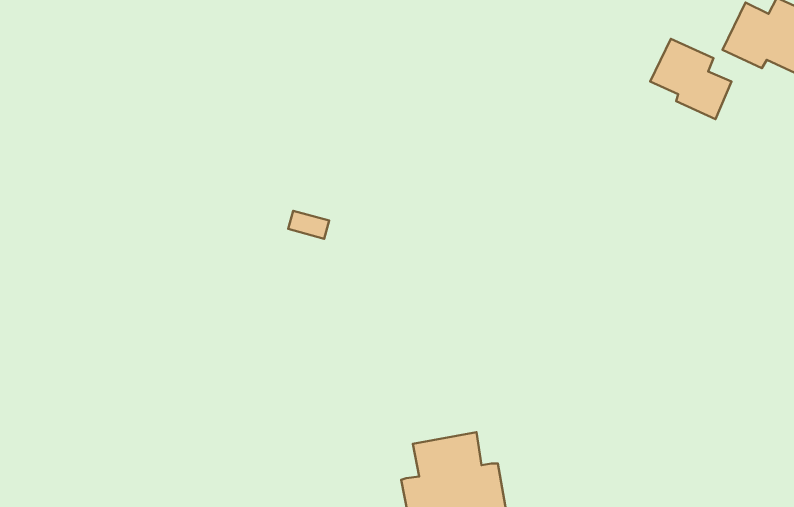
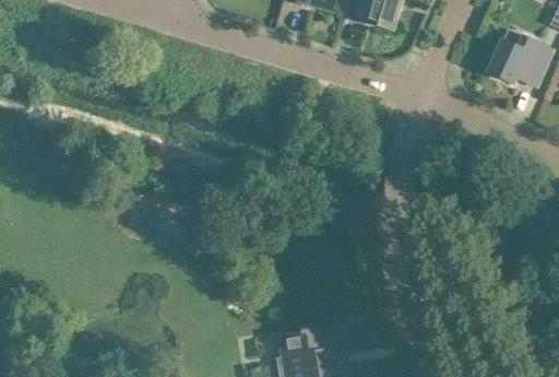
building: [650,39,732,119] -> none

